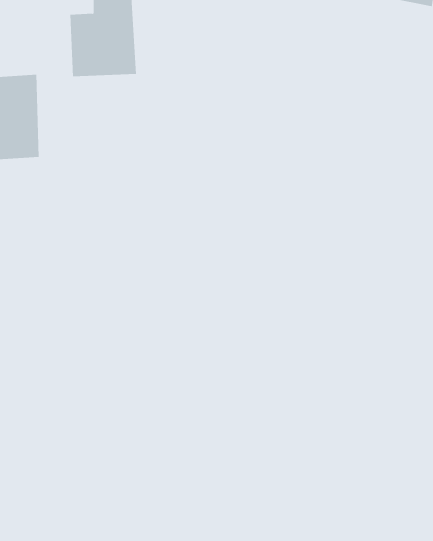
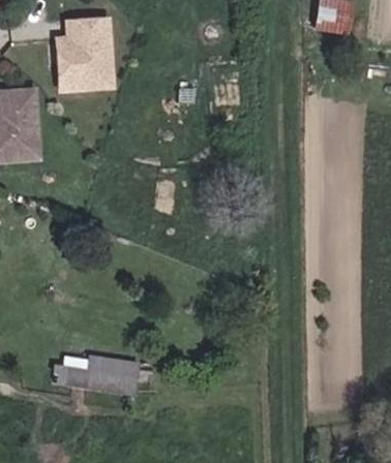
building: none -> [58,352,140,393]

